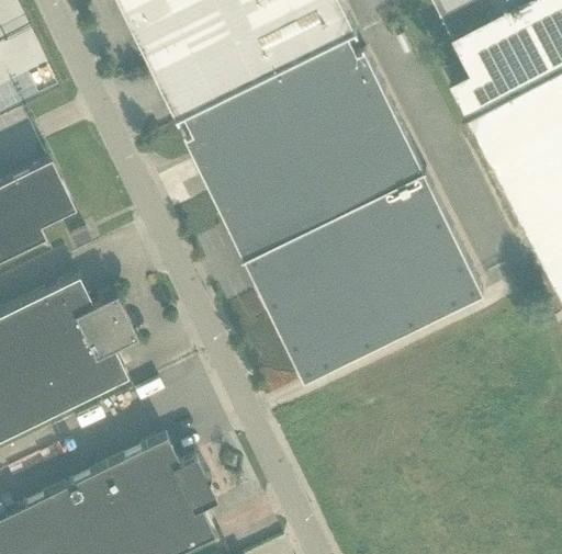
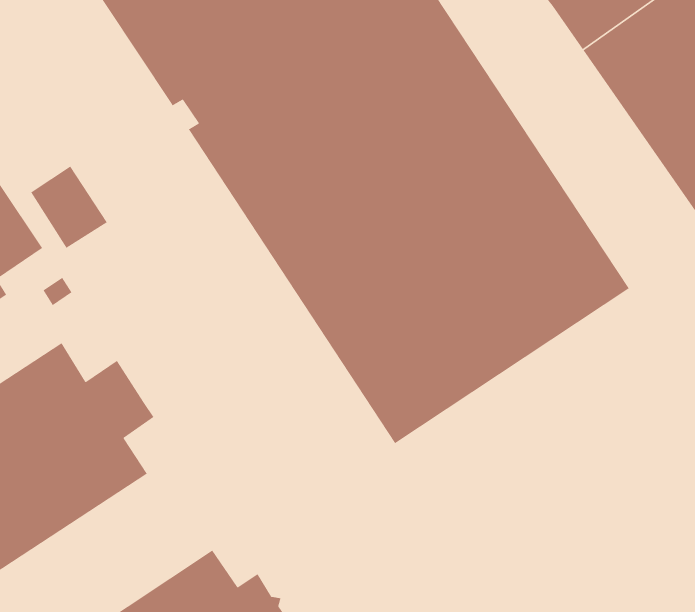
building: none -> [30,165,108,249]

